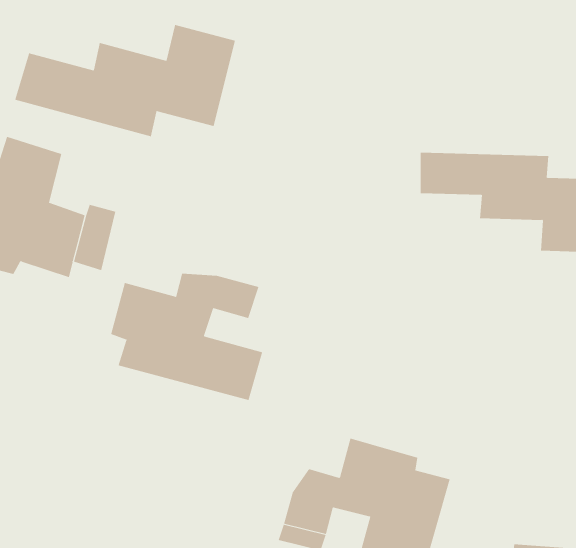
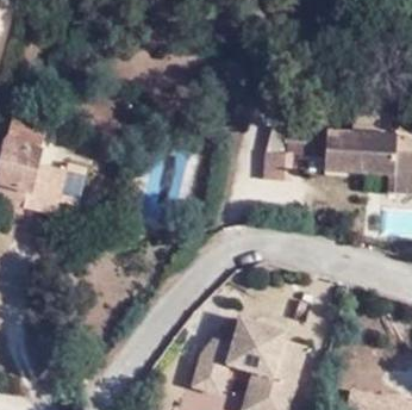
building: [15,24,236,137] -> none
building: [111,273,263,401] -> none

